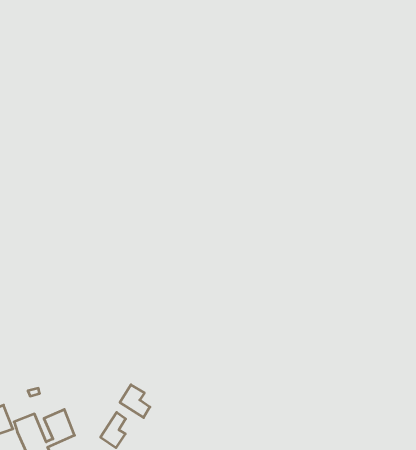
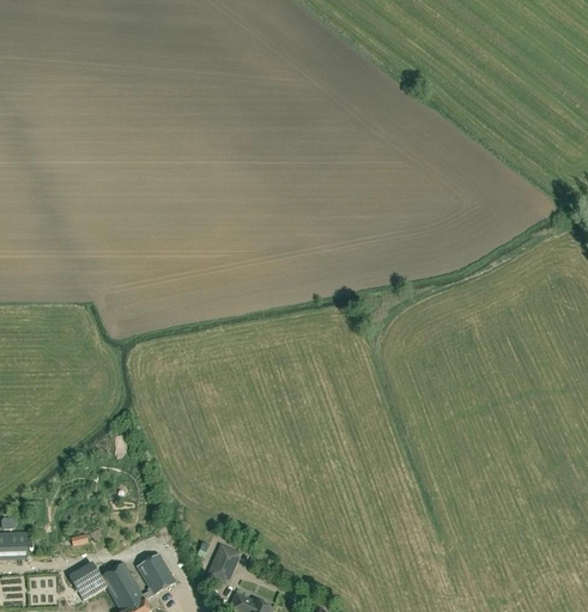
building: [120,385,150,418] -> none

